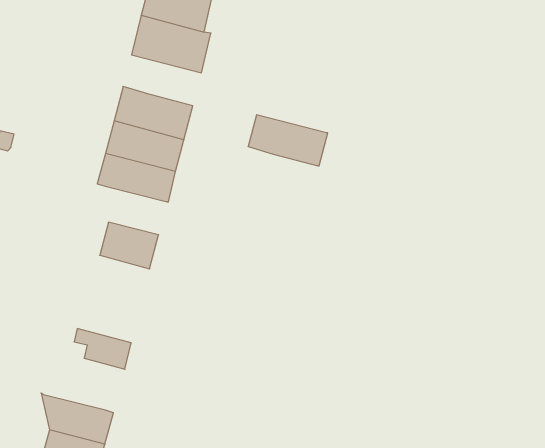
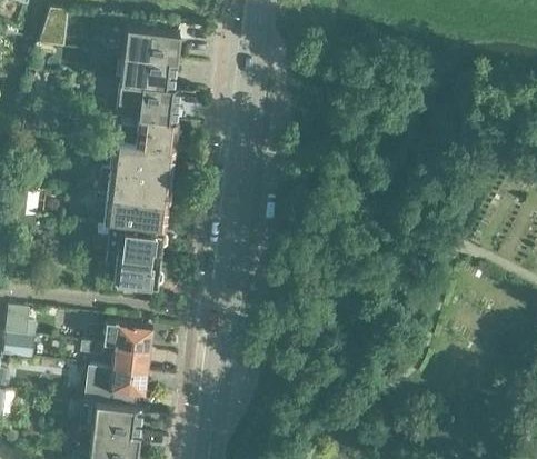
building: [248,115,328,166] -> [113,117,177,151]
building: none -> [109,227,162,260]
building: none -> [103,323,151,351]
building: none -> [83,367,147,409]

